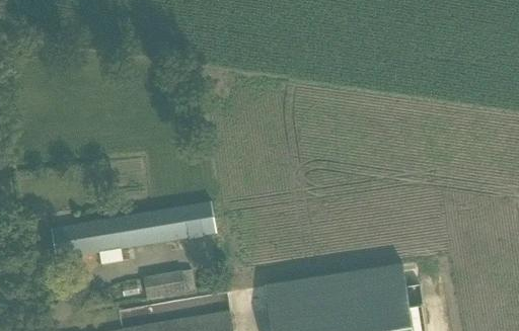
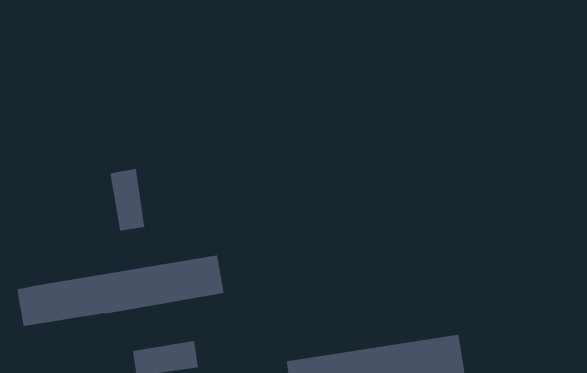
building: none -> [110,168,145,231]

